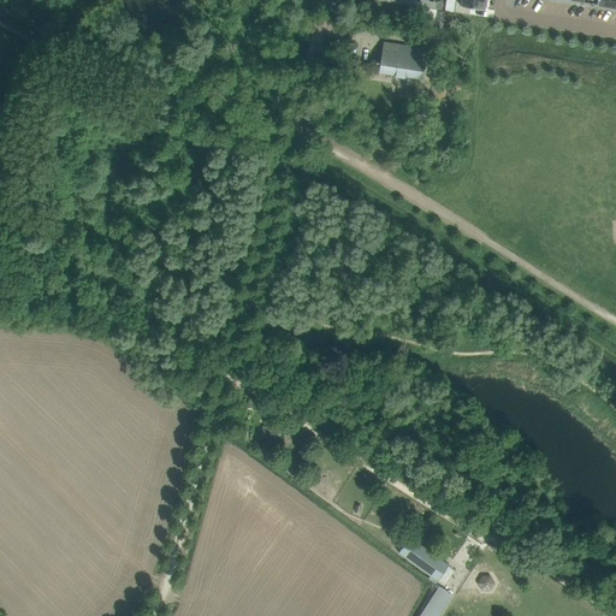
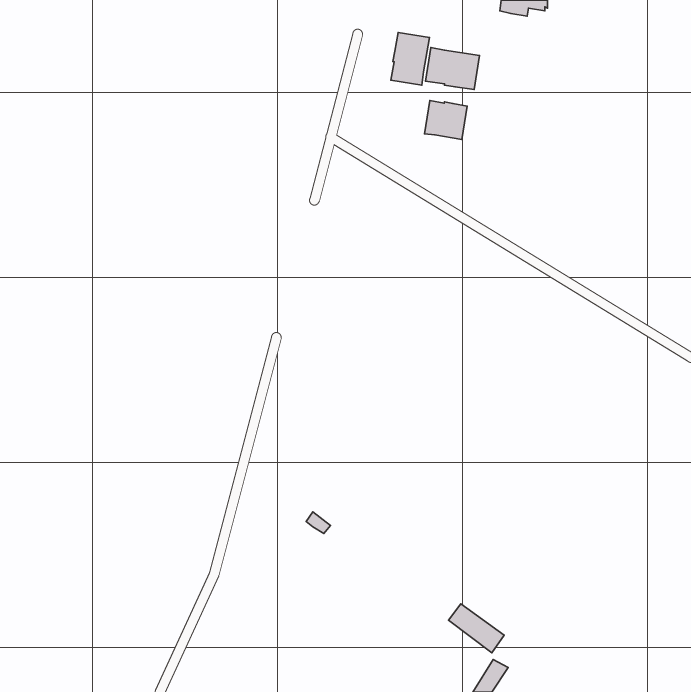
building: none -> [391,33,429,85]
building: none -> [424,100,467,139]

